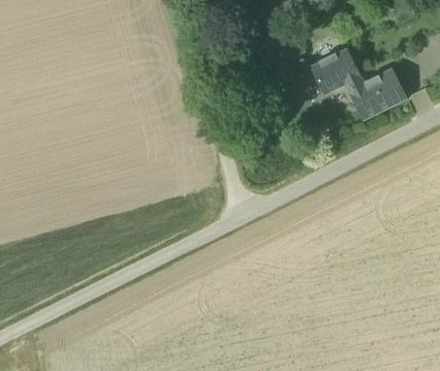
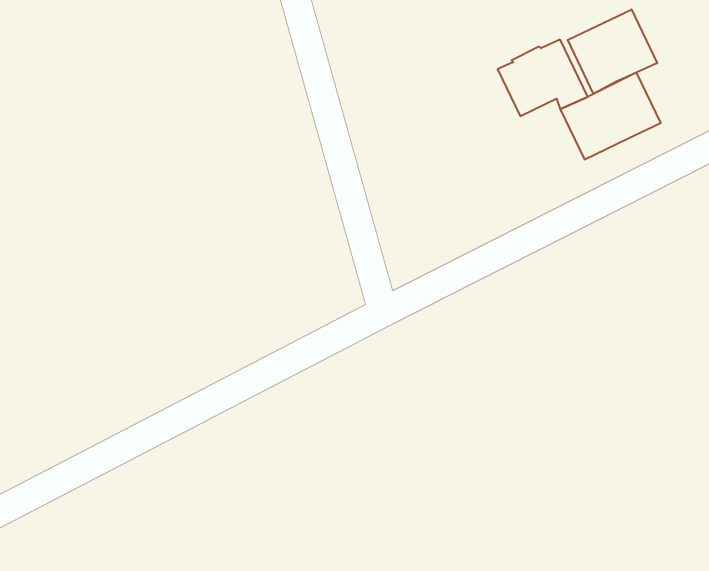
building: none -> [568,9,657,94]

